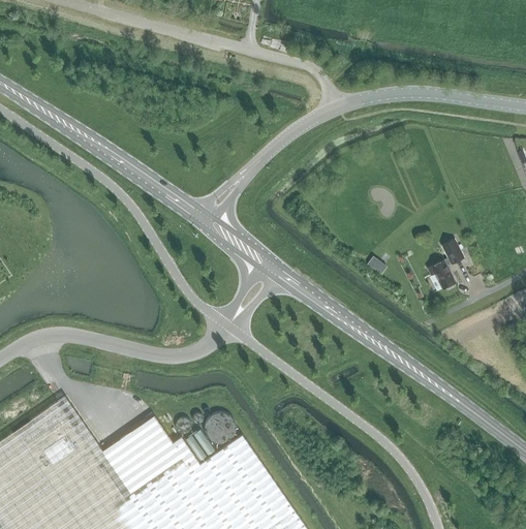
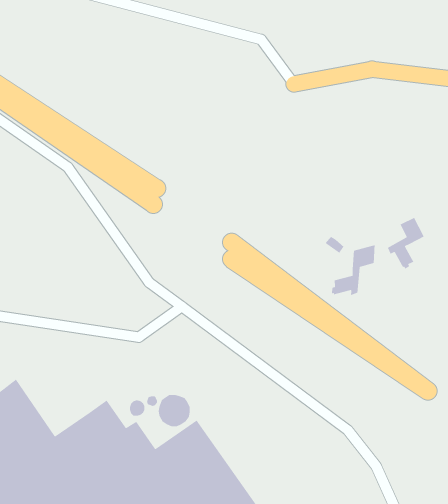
building: none -> [331,244,375,296]

